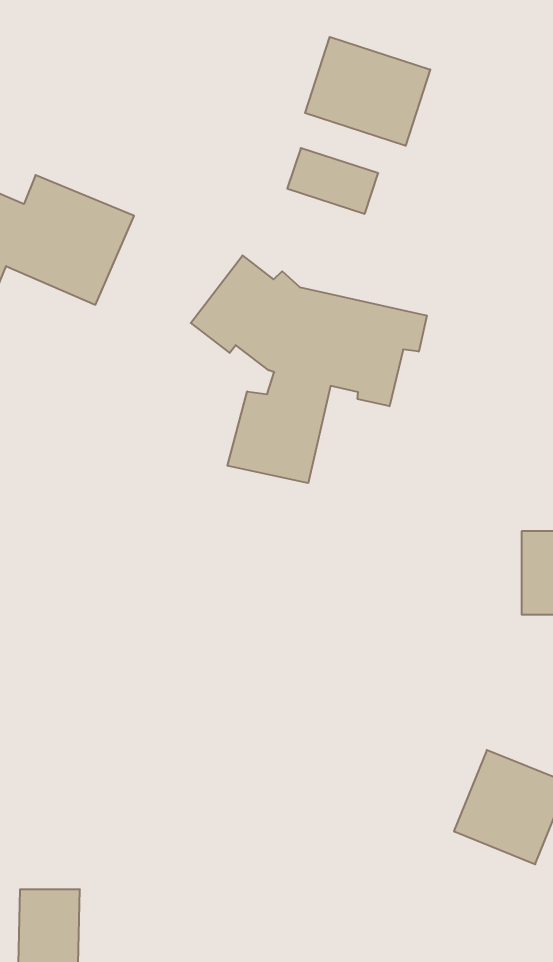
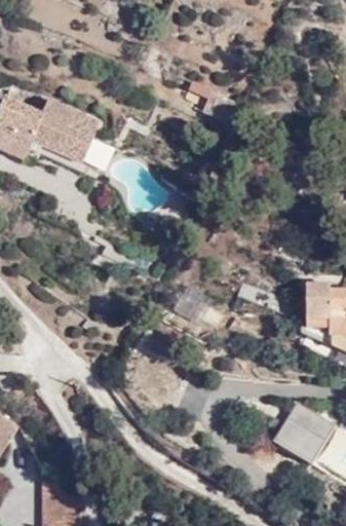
building: [305,37,430,146] -> none
building: [191,255,427,483] -> none

